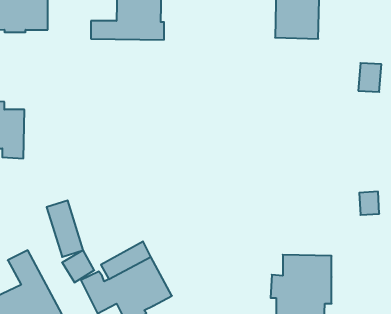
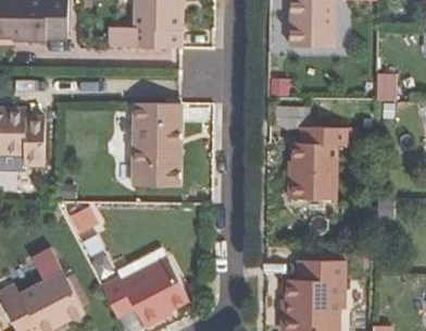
building: none -> [136,101,183,186]
building: none -> [290,125,349,199]

